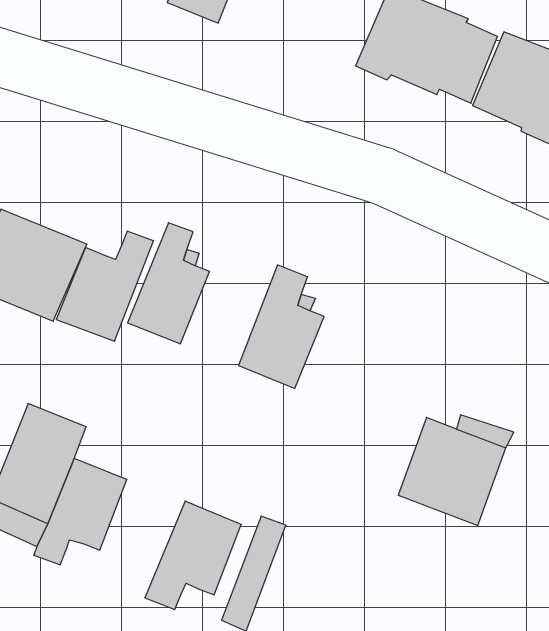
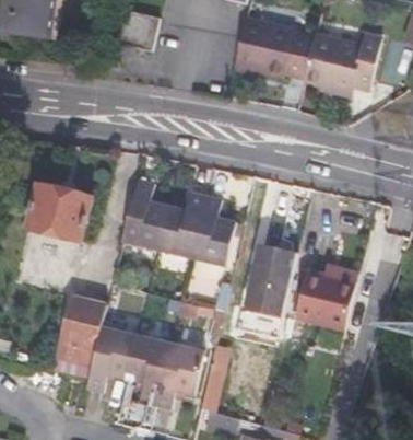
building: [56,231,154,341] -> [152,190,202,256]
building: none -> [232,245,294,338]
building: none -> [122,333,168,401]

